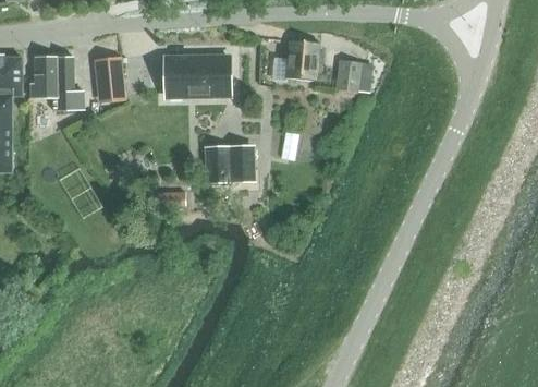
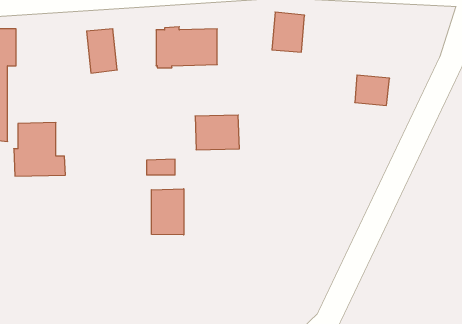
building: [29,55,83,110] -> [14,123,65,176]
building: [335,60,371,92] -> [355,75,390,105]
building: none -> [151,189,184,235]

